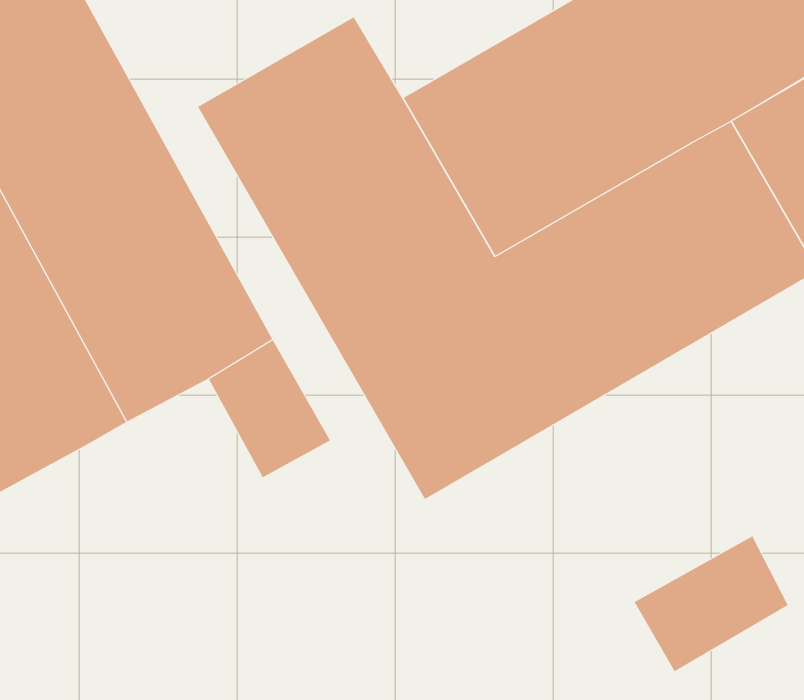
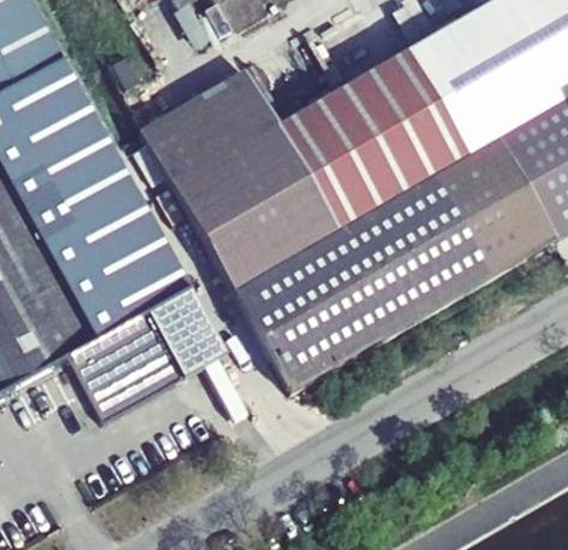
building: none -> [66,310,181,419]
building: [634,535,788,672] -> none

